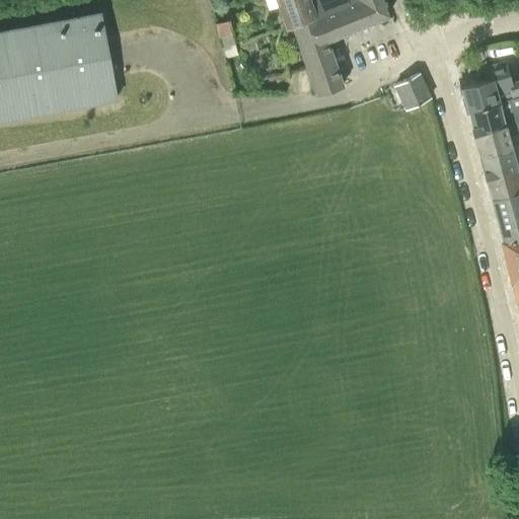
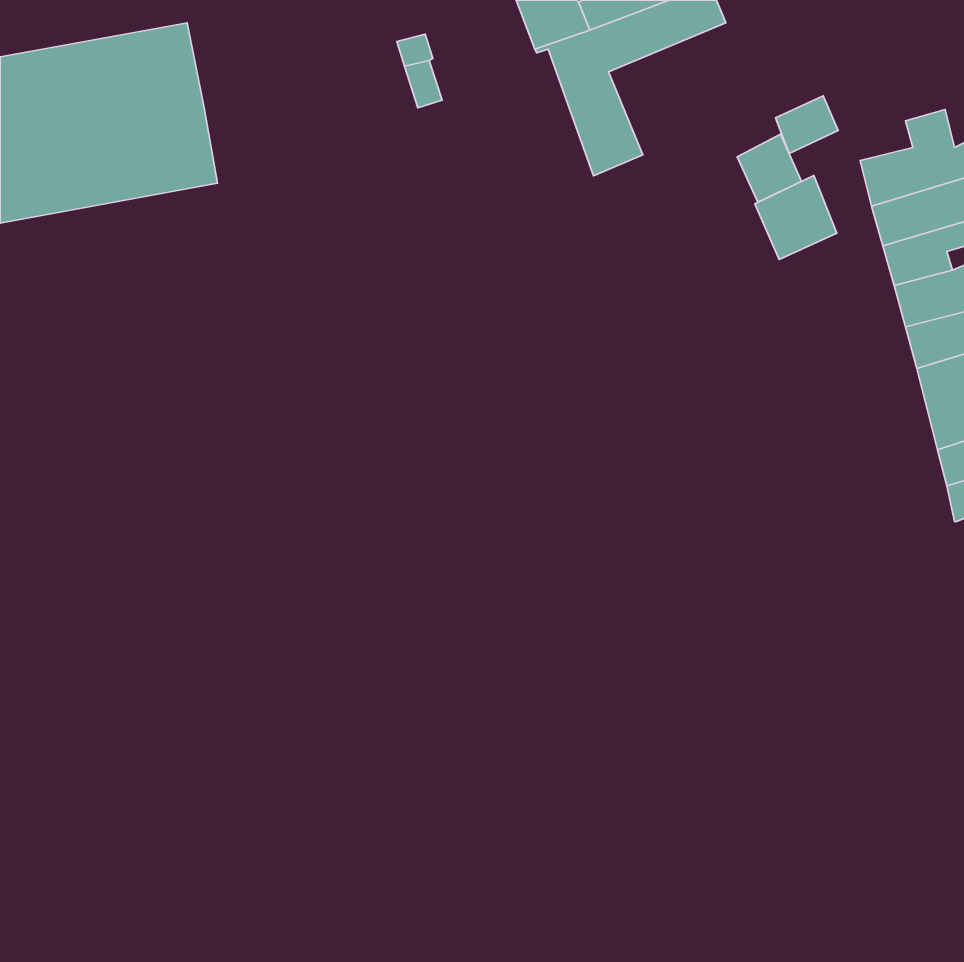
building: none -> [776,96,838,154]
building: none -> [755,176,837,260]

